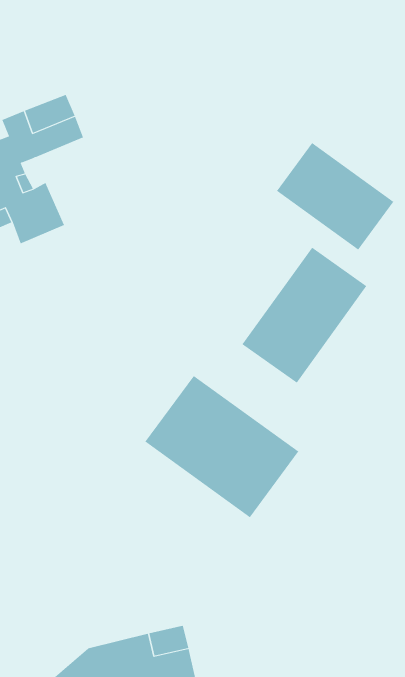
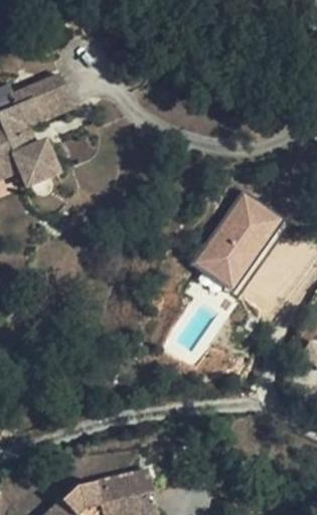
building: [276,142,394,250] -> none
building: [145,375,299,518] -> none

